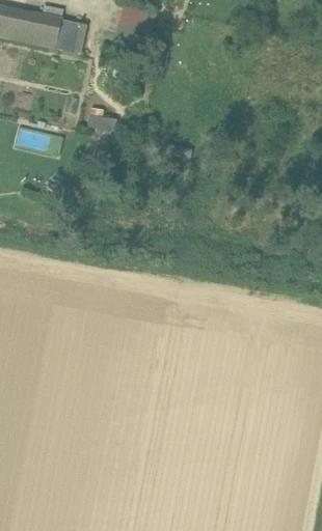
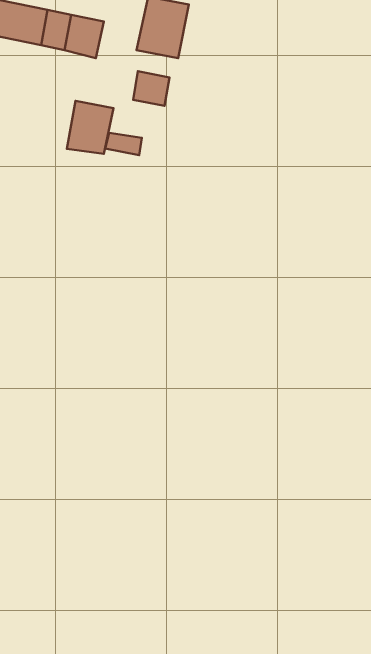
building: none -> [133,71,169,106]
building: none -> [67,101,113,154]

